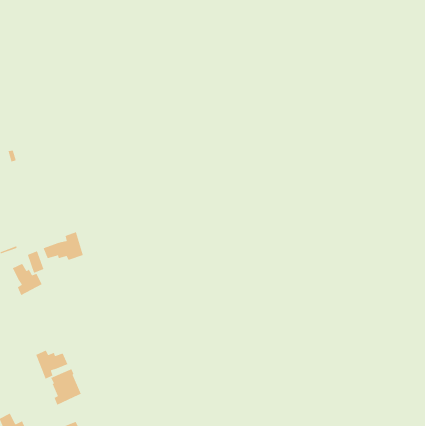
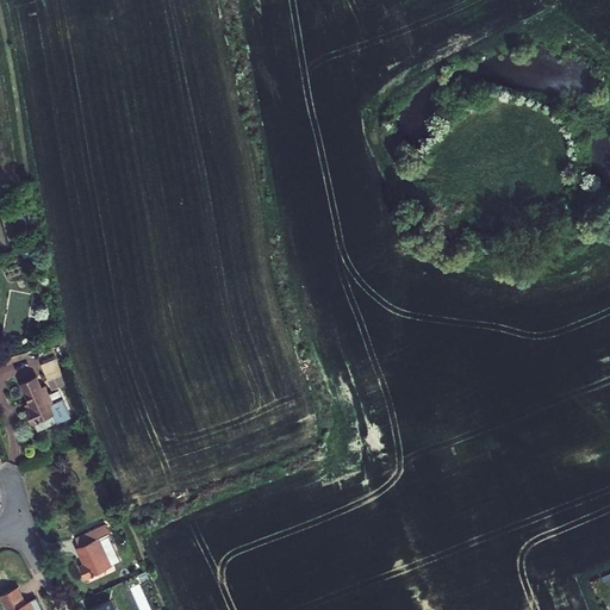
building: [43,231,84,261] -> none
building: [35,350,69,380] -> none

